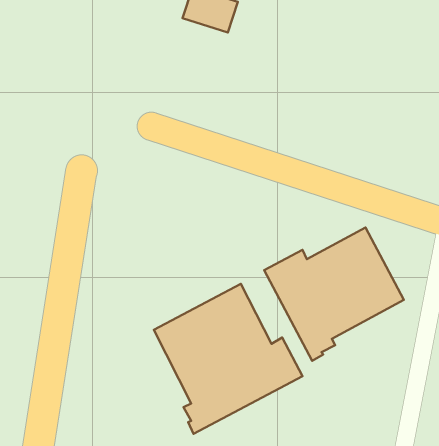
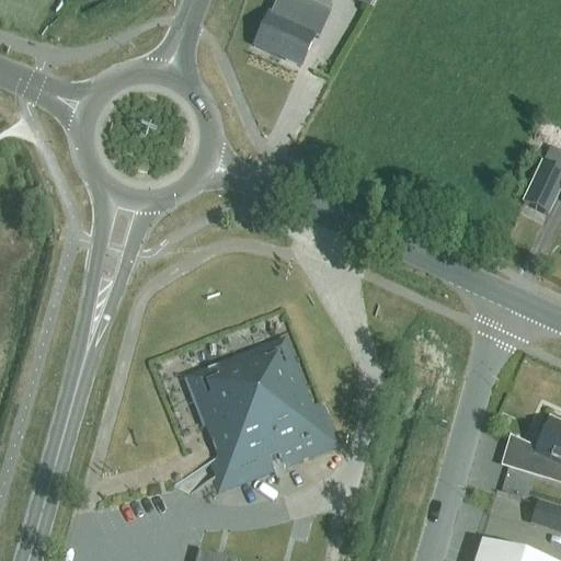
building: [264,228,404,361] -> none

